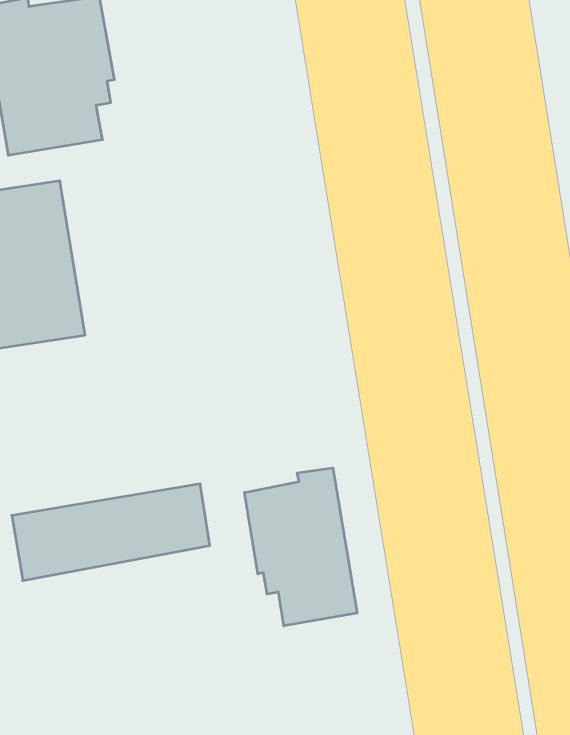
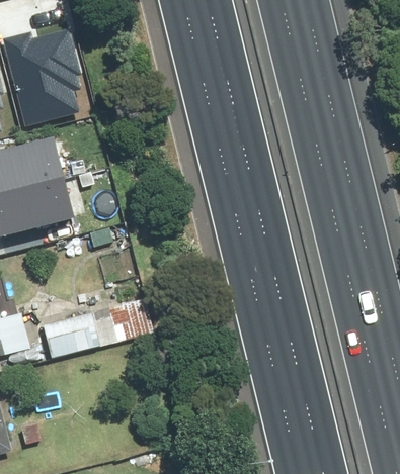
building: [245,468,357,626] -> none

